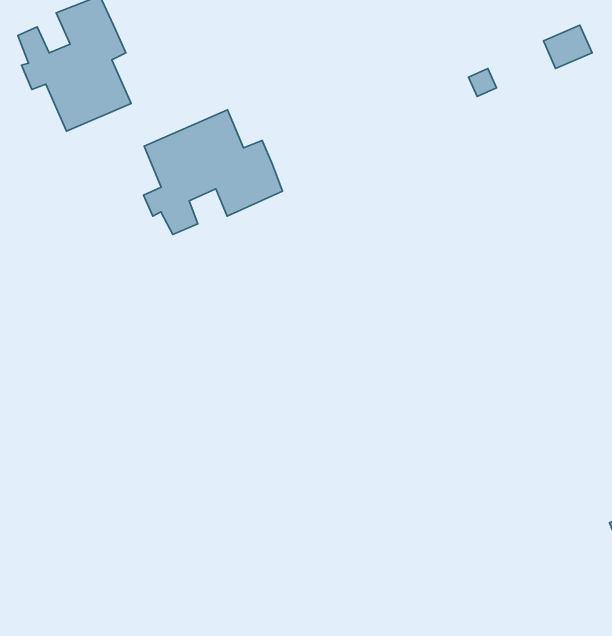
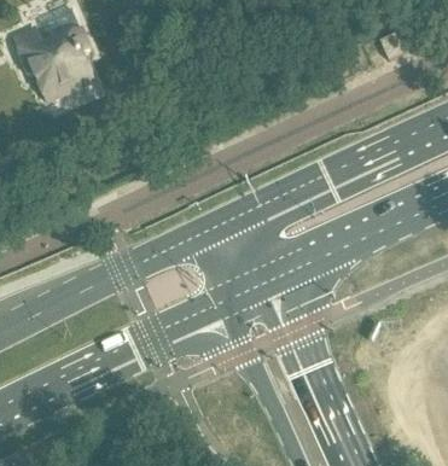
building: [144,110,282,234] -> none

